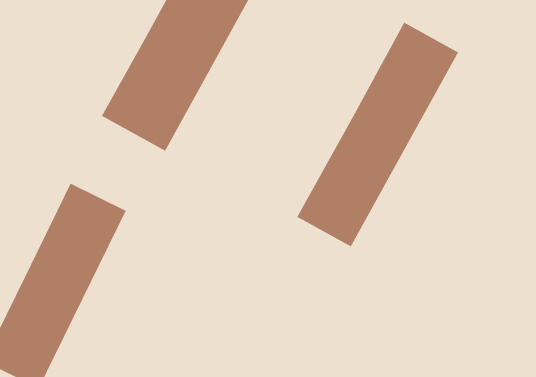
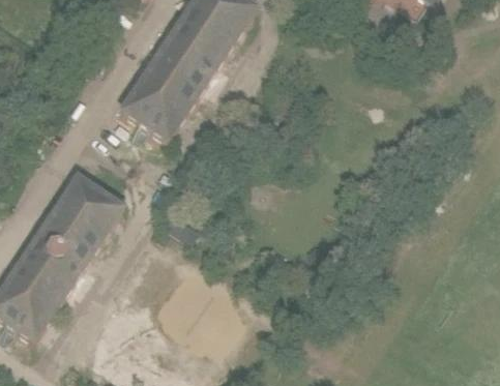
building: [296,21,459,248] -> none

